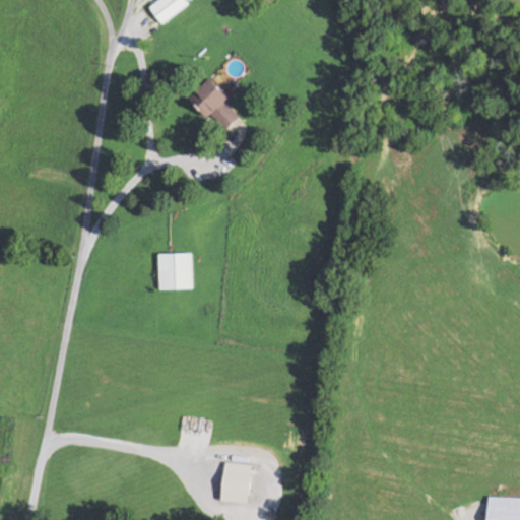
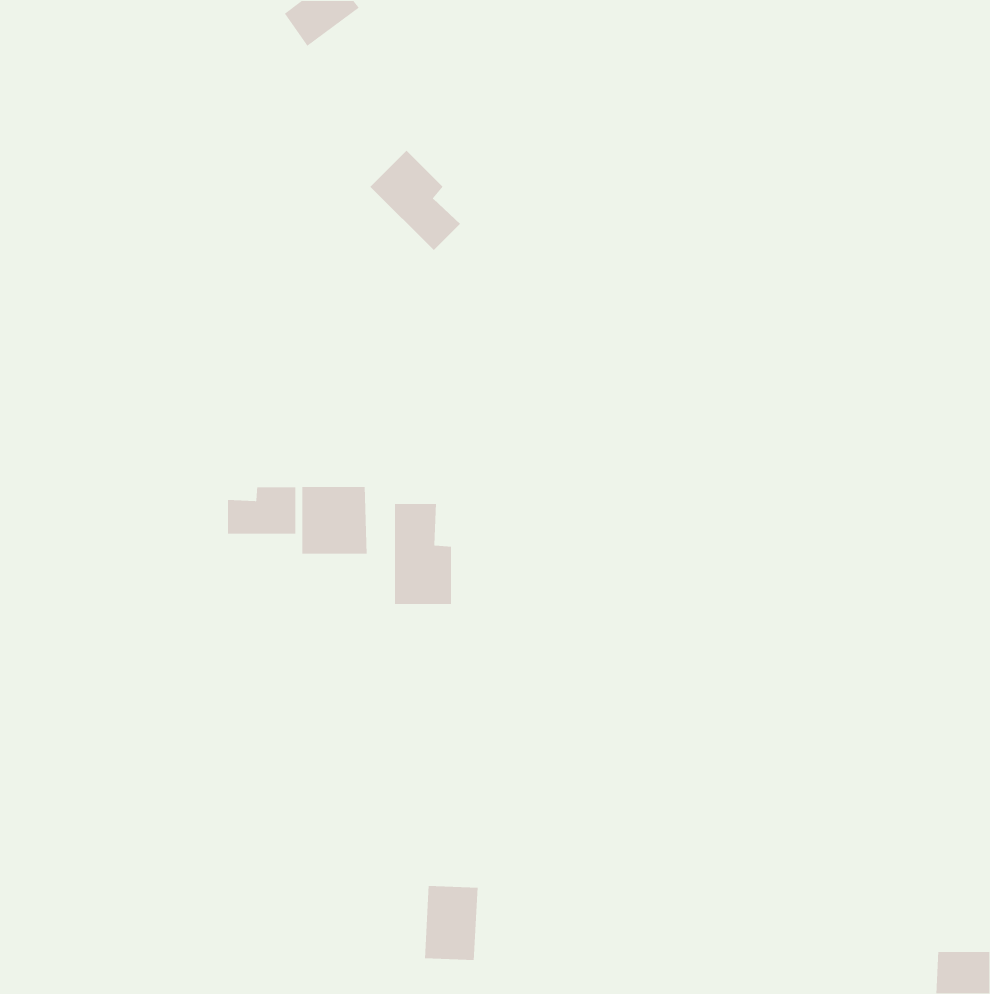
building: none -> [227,486,296,535]
building: none -> [394,503,452,605]

